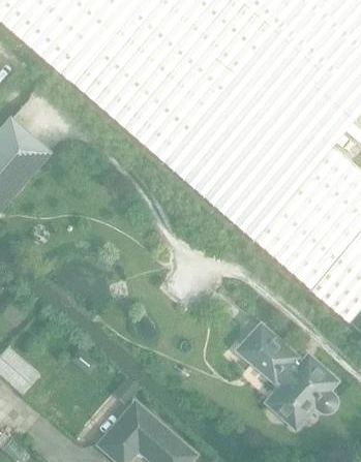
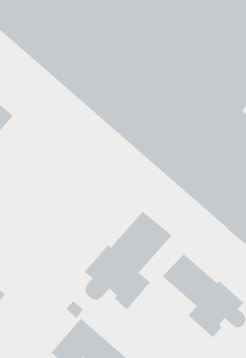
building: none -> [84,211,172,310]

